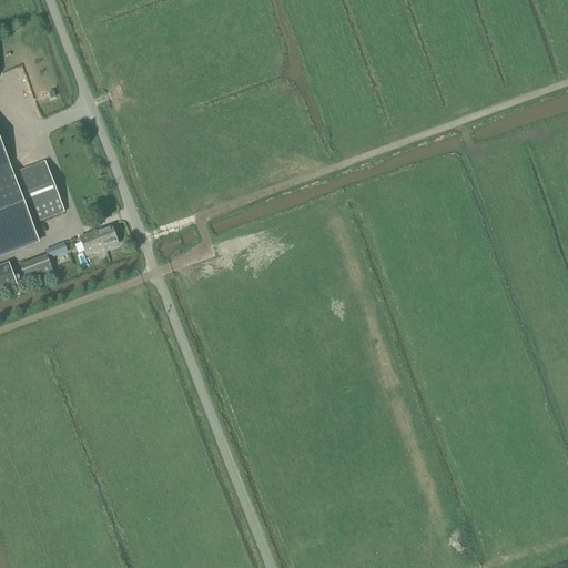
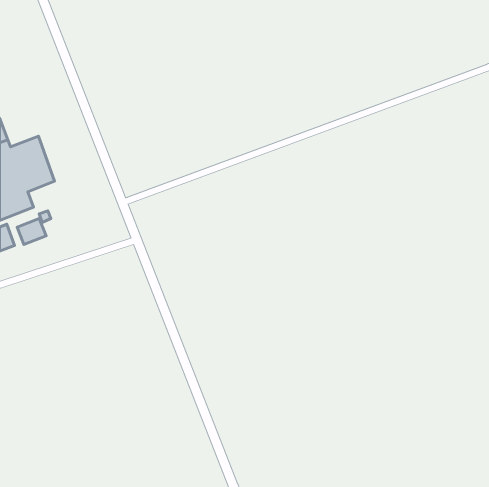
building: [79,223,118,254] -> none

